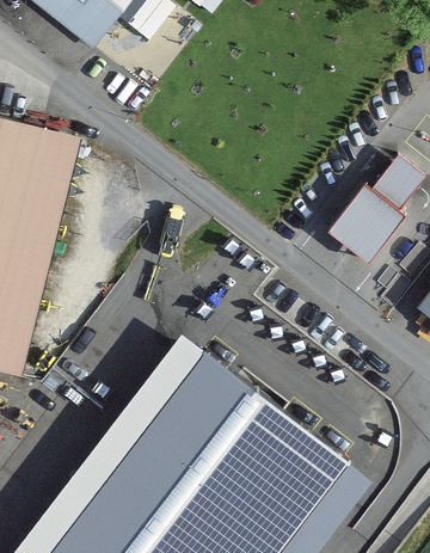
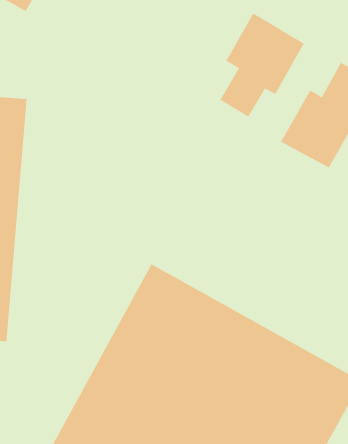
building: none -> [219,13,304,118]

